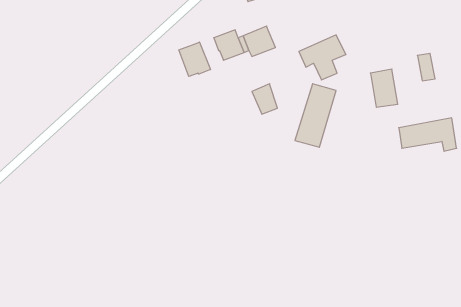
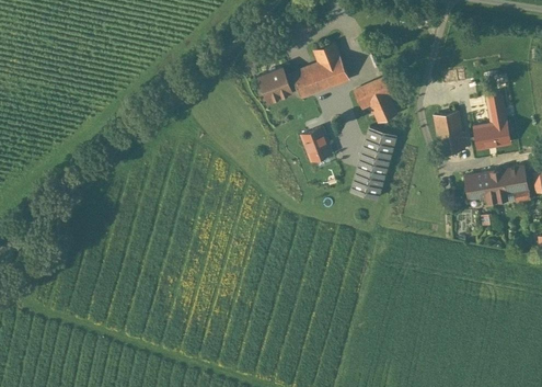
building: none -> [313,43,348,88]
building: [179,42,210,76] -> none
building: none -> [468,113,509,149]

